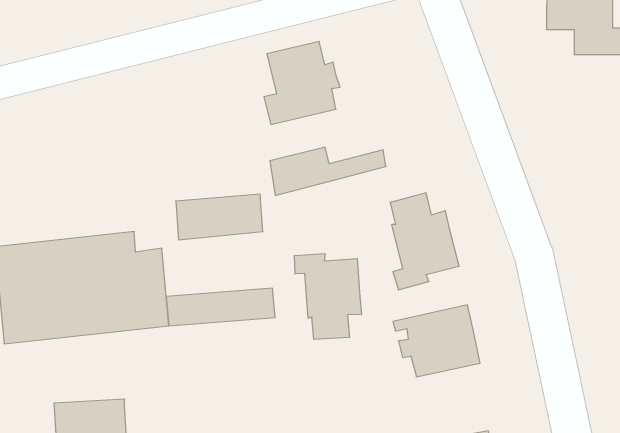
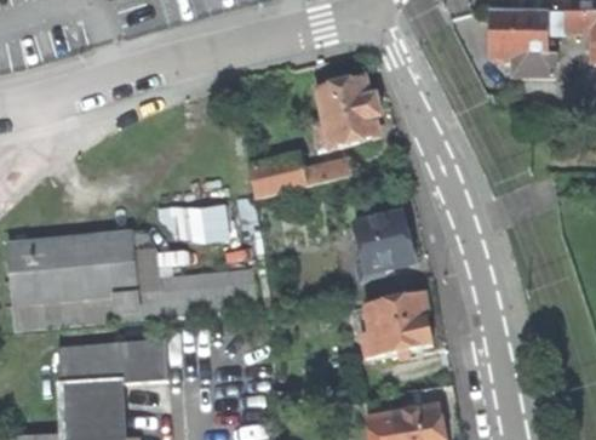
building: [264,41,340,124] -> [314,76,380,149]
building: [295,254,361,339] -> none
building: none -> [56,341,167,383]

